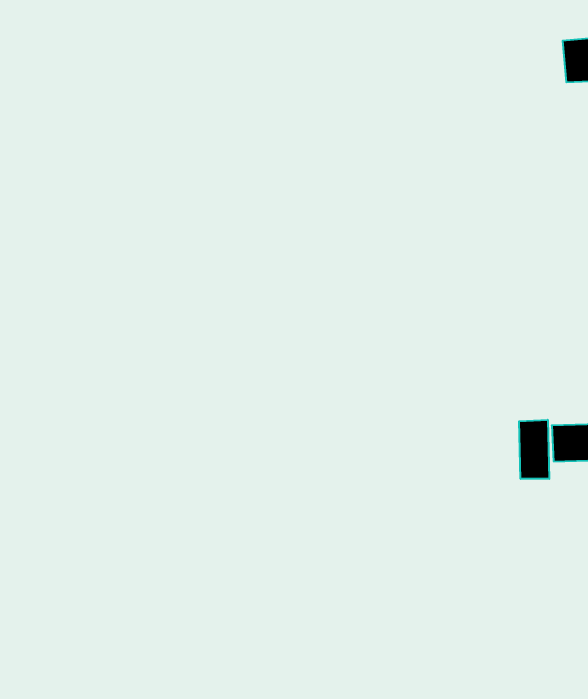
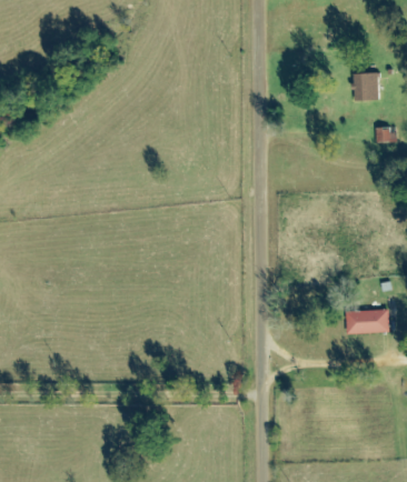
building: [519,420,549,479] -> none

